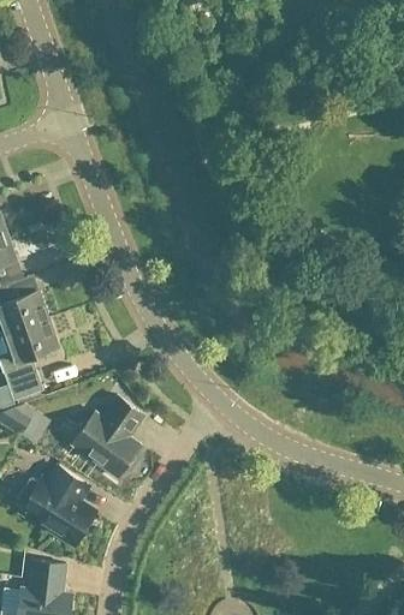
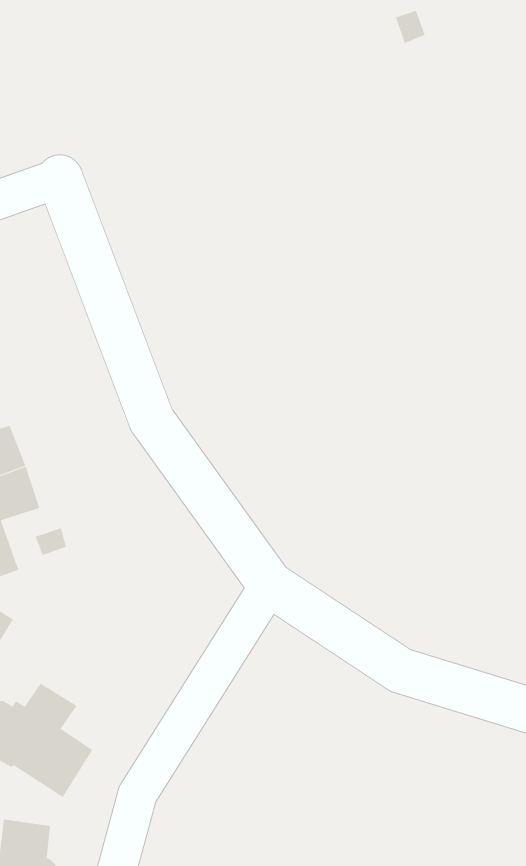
building: [71,394,144,476] -> none

